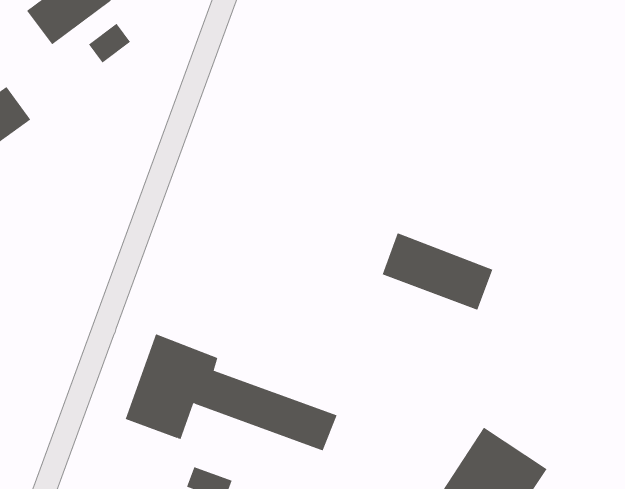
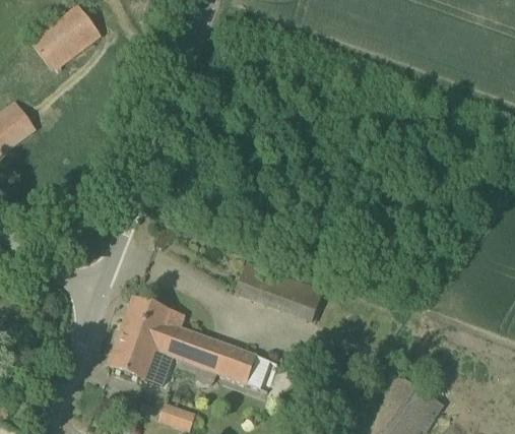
building: [88,23,131,63] -> none
building: [382,232,493,310] -> [233,259,321,321]

